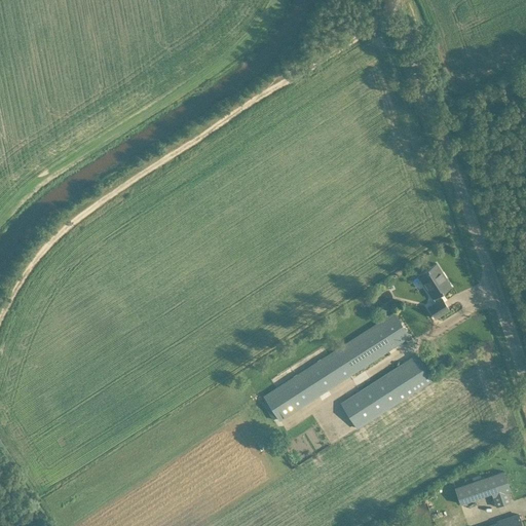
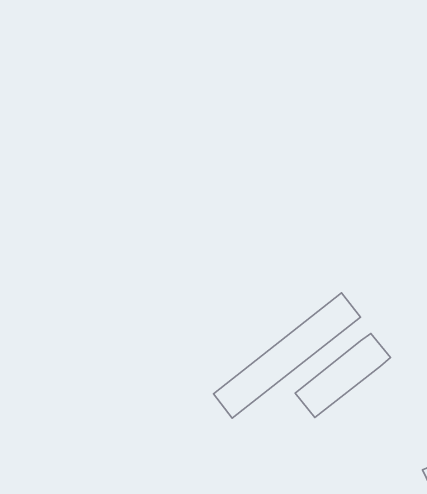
building: [416,264,449,320] -> none

